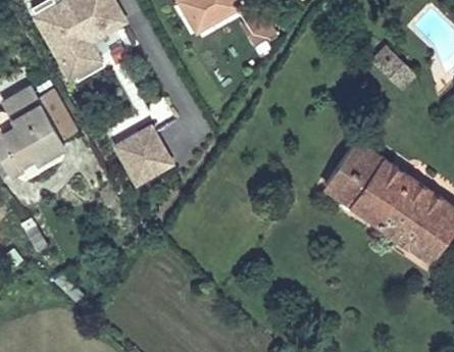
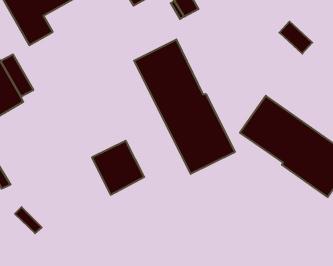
building: none -> [134,39,235,174]
building: [112,122,175,188] -> [92,141,144,195]

